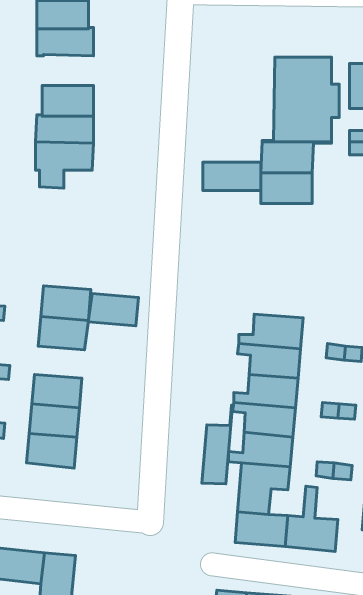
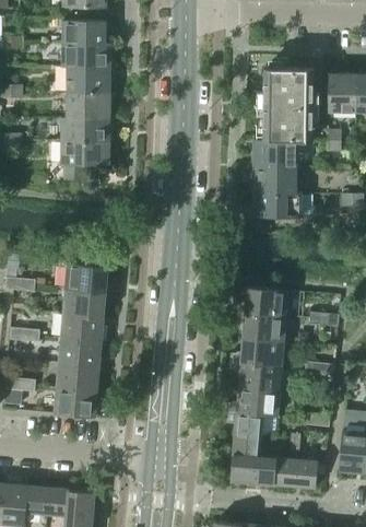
building: none -> [67,66,110,92]
building: [203,162,261,191] -> [252,192,302,216]
building: [88,294,138,326] -> [60,314,103,341]
building: [202,405,233,484] -> none

